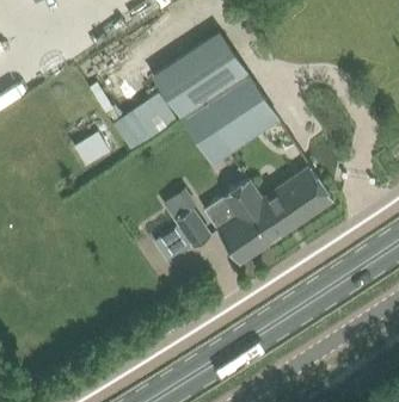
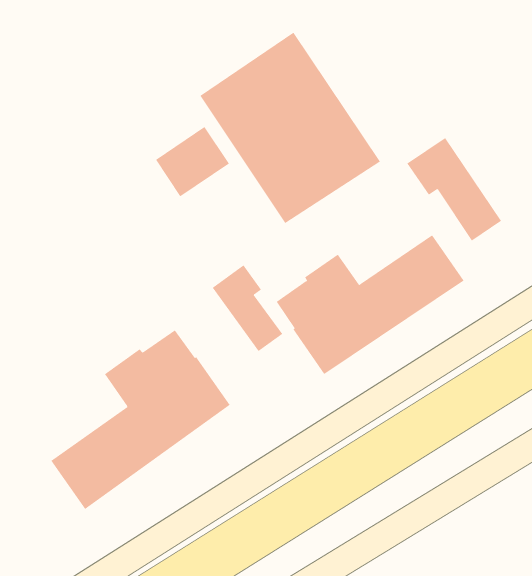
building: none -> [407,137,502,242]
building: none -> [50,330,230,510]

